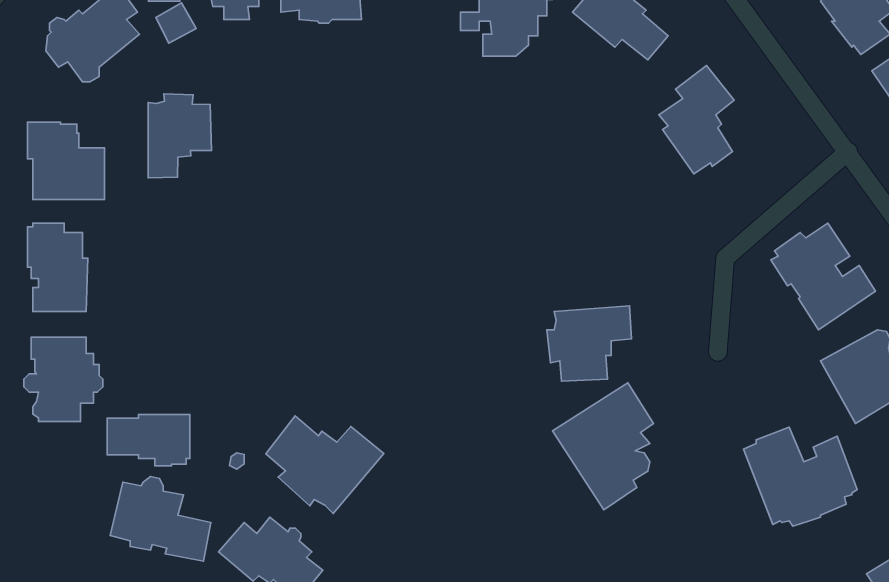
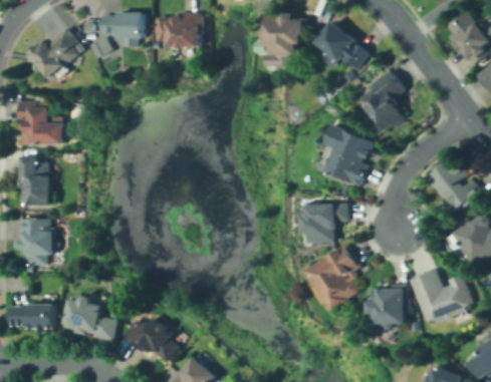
building: [148,94,211,178] -> none
building: none -> [323,123,373,185]
building: [107,414,190,466] -> [10,304,55,332]
building: [266,416,384,514] -> none
building: none -> [366,284,410,328]

